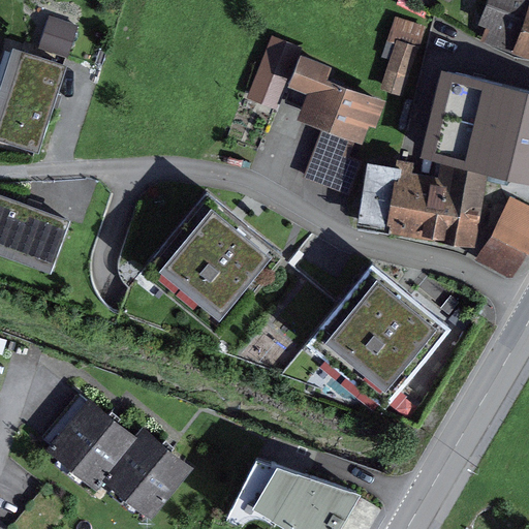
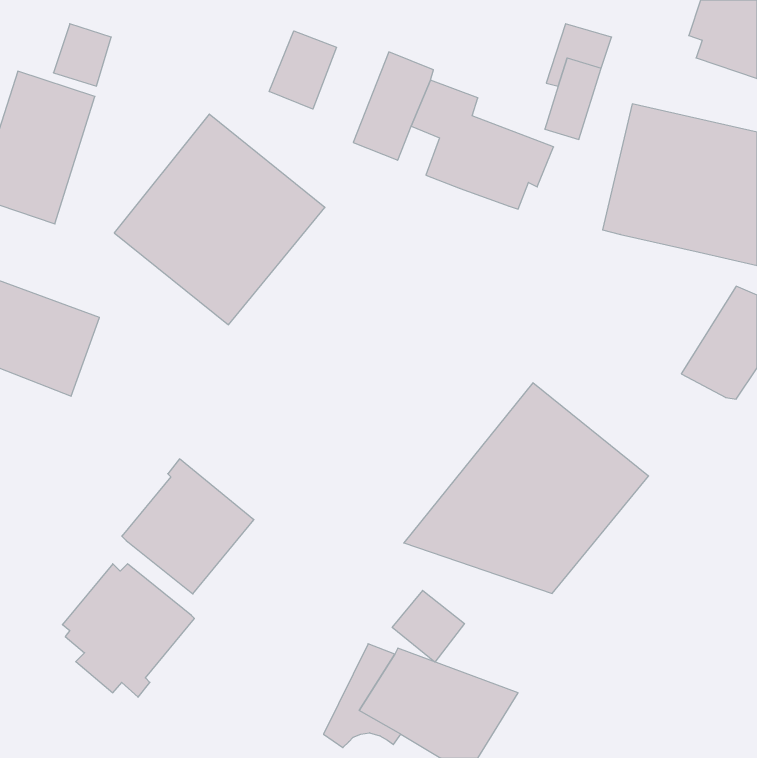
building: none -> [269,31,336,109]
building: [303,131,362,195] -> none
building: [355,163,487,249] -> none
building: [138,183,285,330] -> [114,114,325,325]
building: none -> [392,590,464,662]
building: [101,418,193,512] -> [122,459,254,594]

